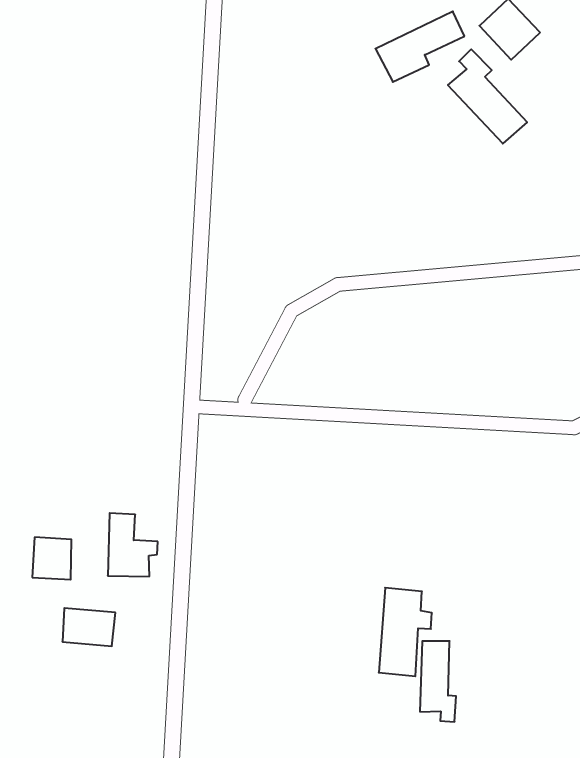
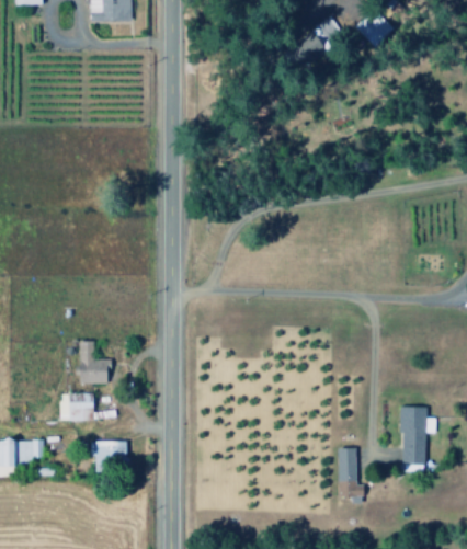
building: [448,49,527,144] -> none
building: [108,513,158,576] -> [78,341,112,384]
building: [379,588,432,676] -> [401,405,435,465]

